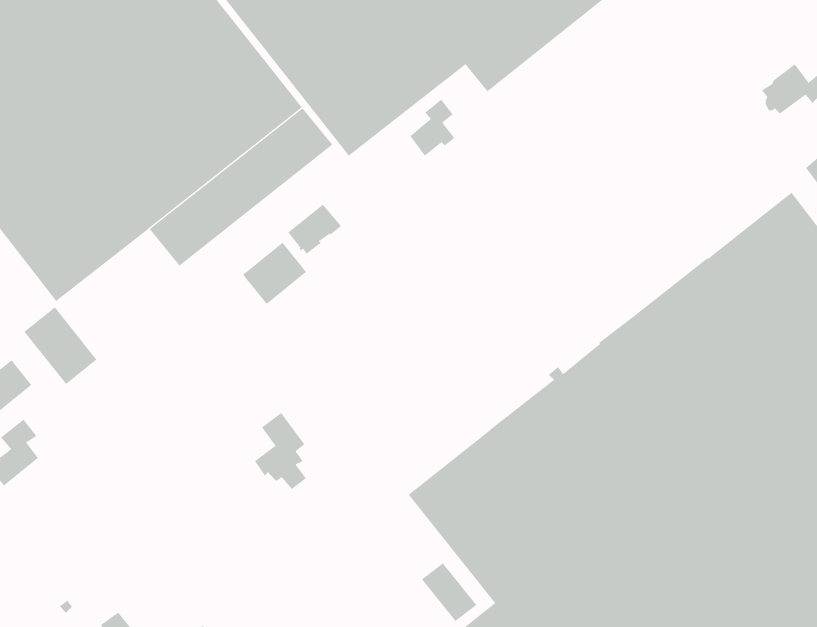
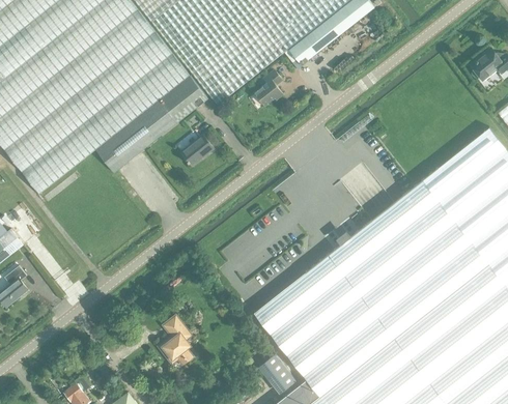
building: [242,242,307,305] -> none
building: [24,307,97,385] -> none
building: [254,412,307,490] -> [160,315,192,363]

